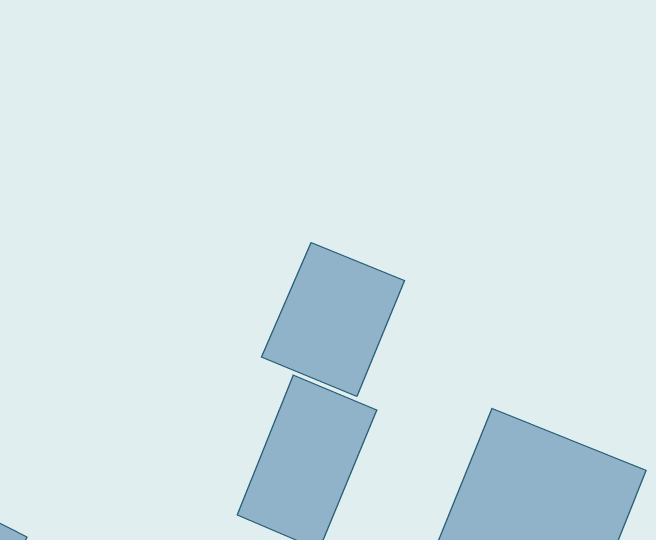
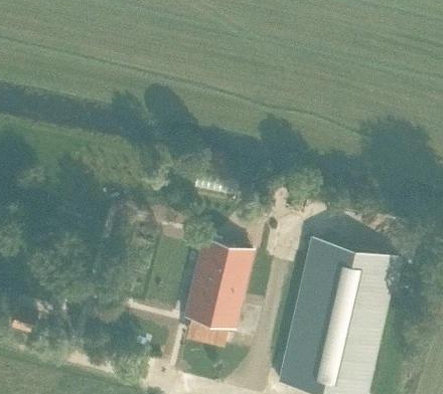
building: [261,243,405,396] -> none

